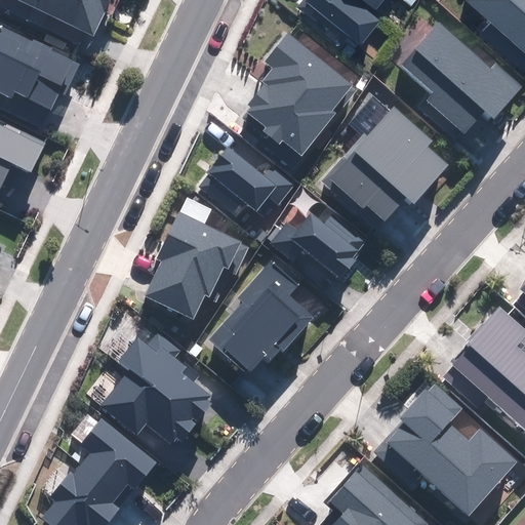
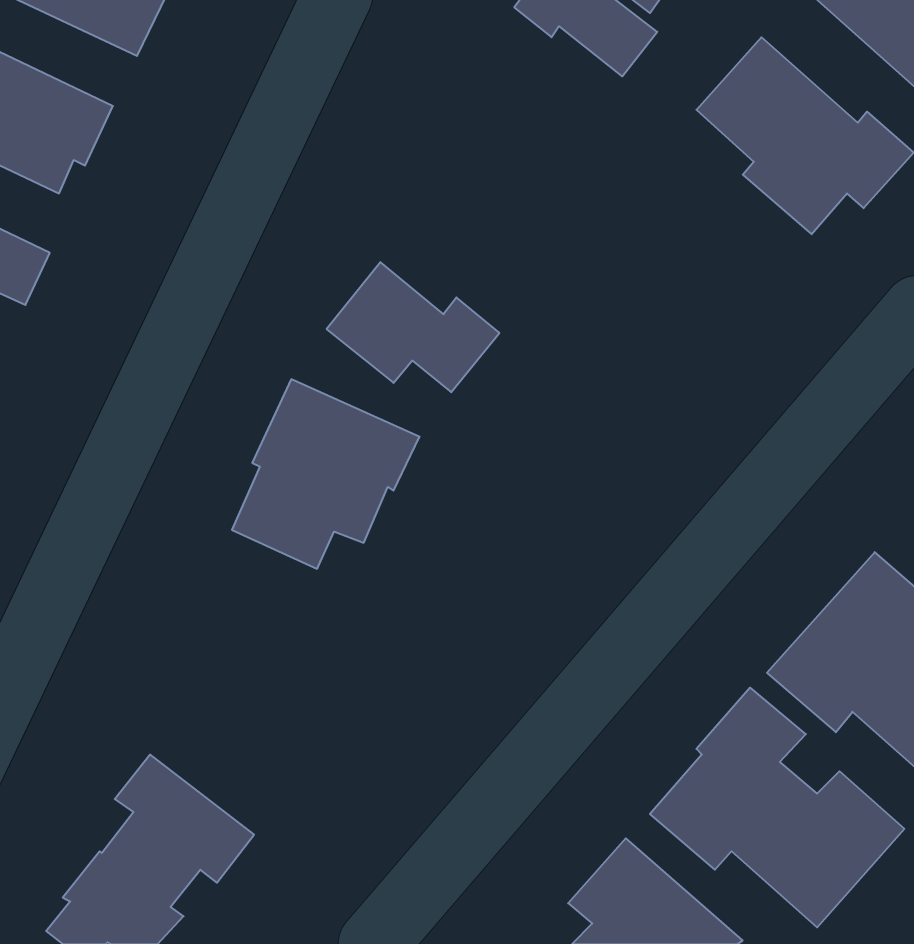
building: [246,34,351,154] -> none
building: [321,104,447,218] -> none
building: [274,210,363,290] -> none
building: [211,261,313,372] -> none
building: [102,333,210,442] -> none

